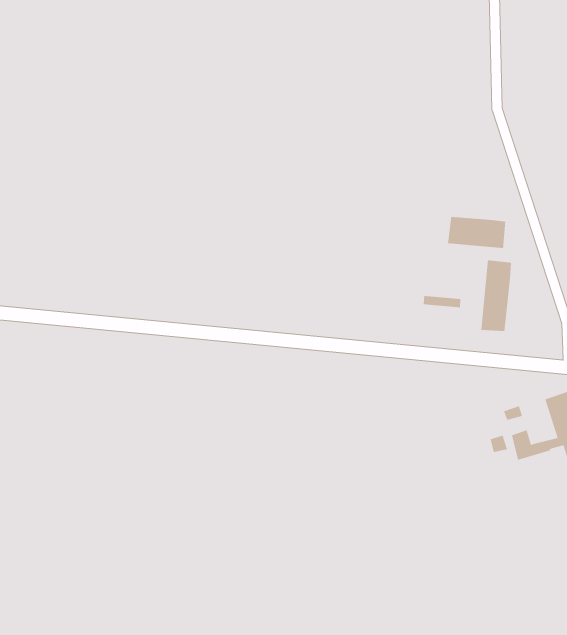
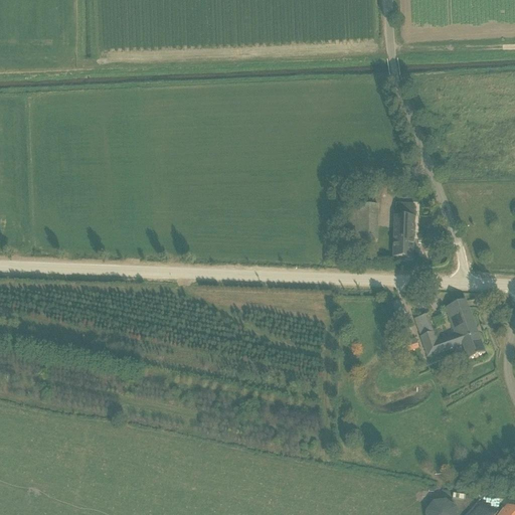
building: [447,216,506,249] -> none

